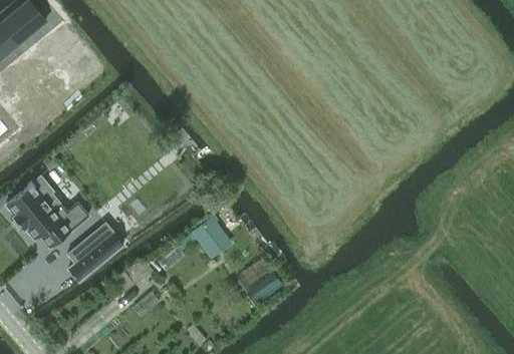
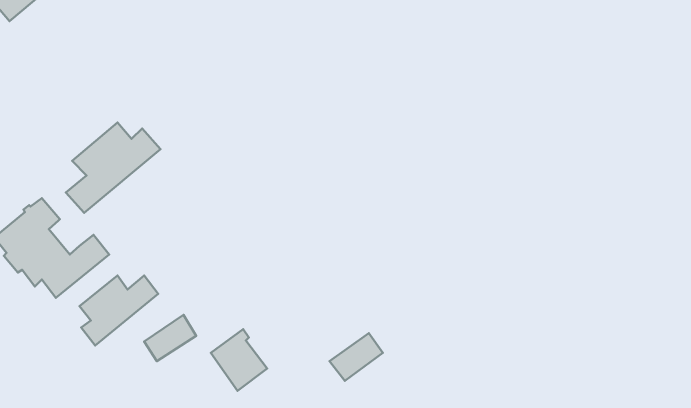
building: none -> [66,122,161,213]
building: [192,214,232,258] -> [211,329,267,391]

